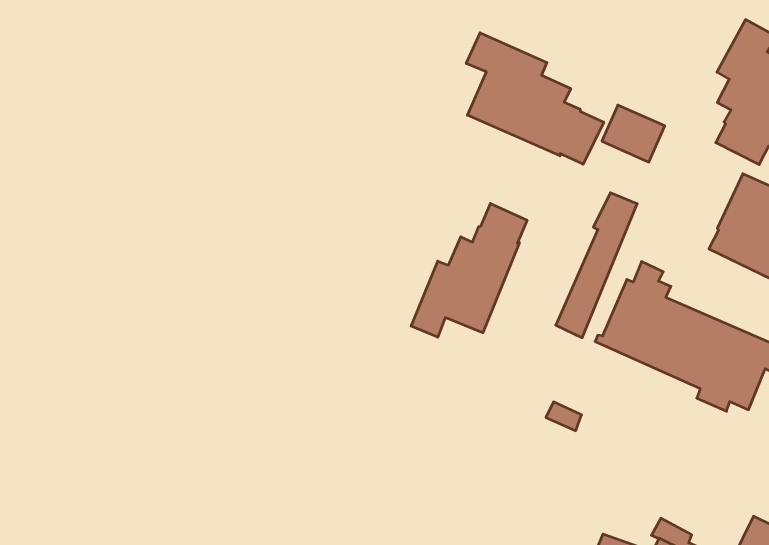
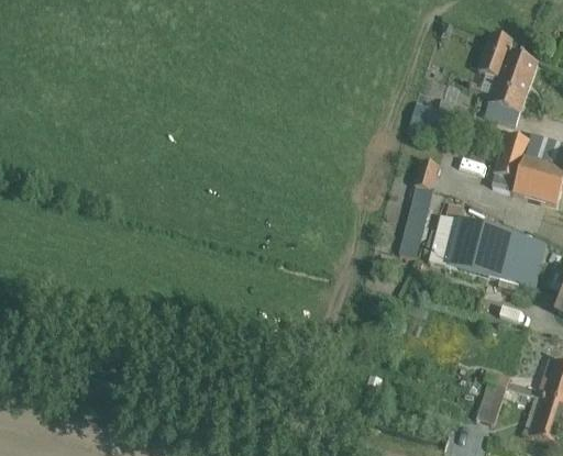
building: [466,33,604,164] -> none
building: [411,203,527,337] -> none

